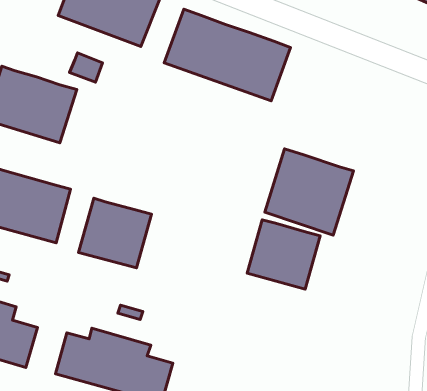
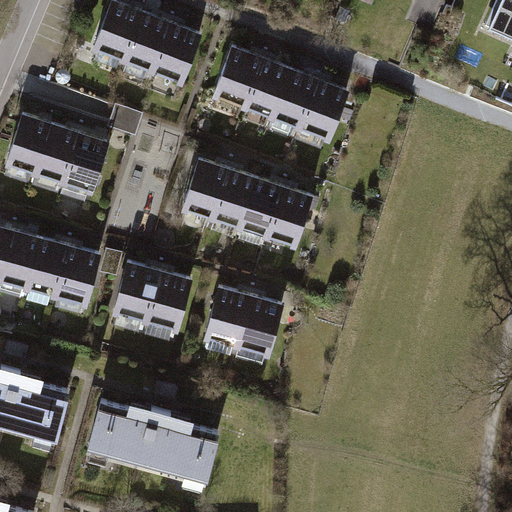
building: none -> [181,152,313,248]
building: [265,149,353,235] -> none
building: [247,220,320,289] -> [200,282,282,360]

